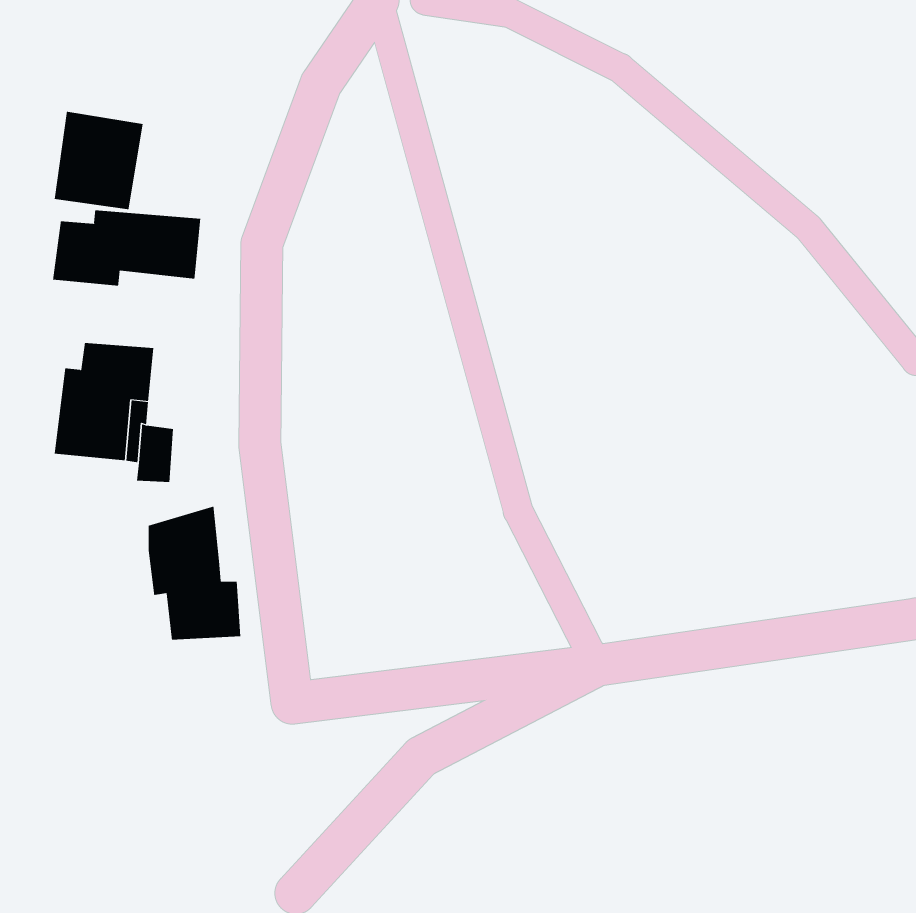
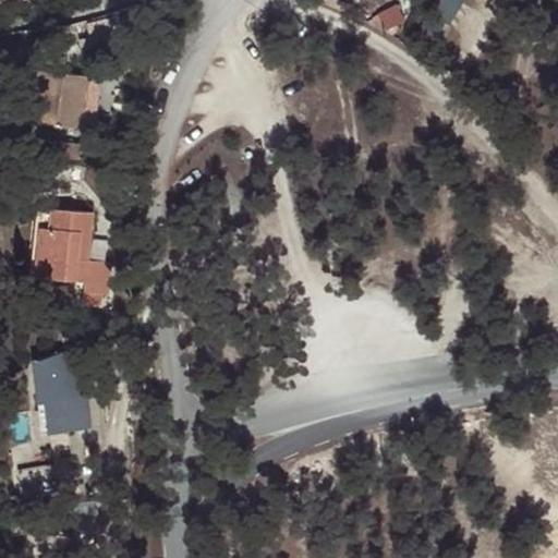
building: [52,209,201,287] -> none
building: [148,506,241,640] -> [33,351,89,433]

